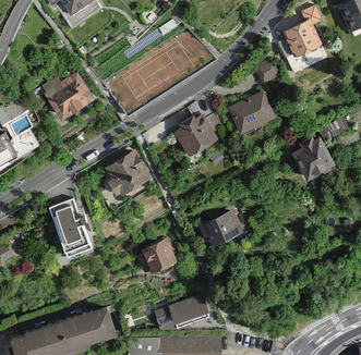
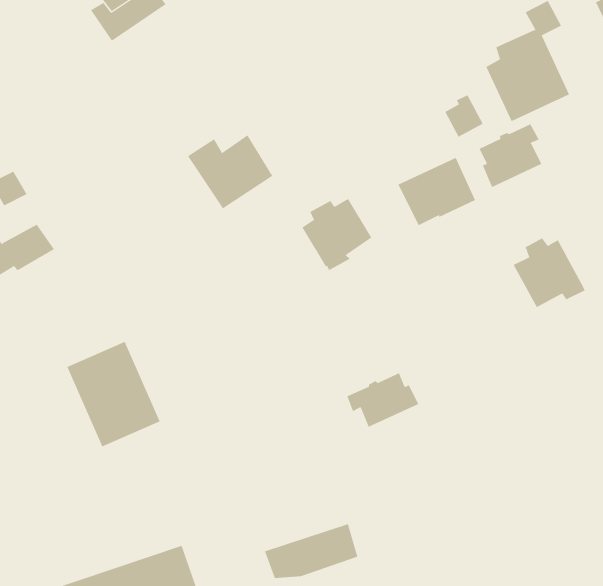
building: none -> [479,123,542,188]
building: [40,73,88,114] -> [187,135,273,209]
building: [103,154,149,200] -> none
building: [137,237,172,274] -> none

